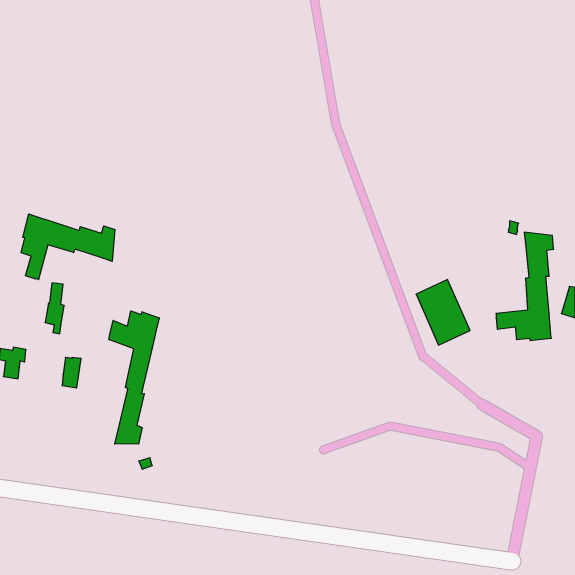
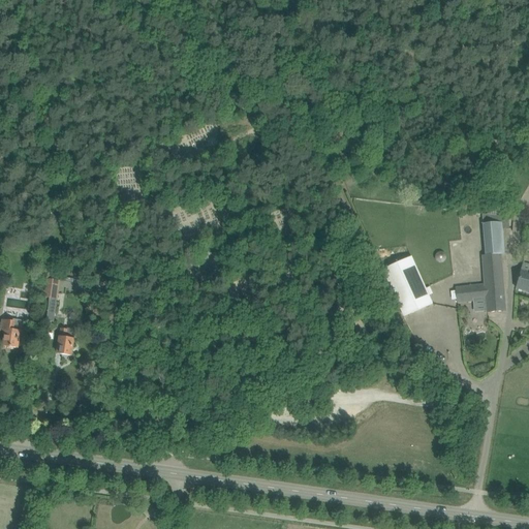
building: [21,214,115,280] -> none
building: [109,311,159,444] -> none

